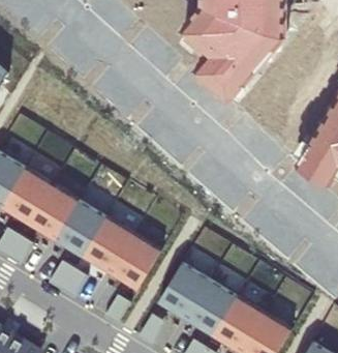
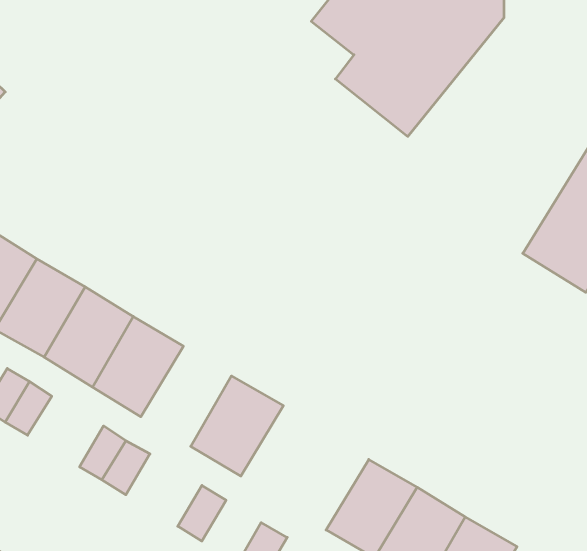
building: [84,215,134,271] -> none
building: [159,262,211,318] -> none

